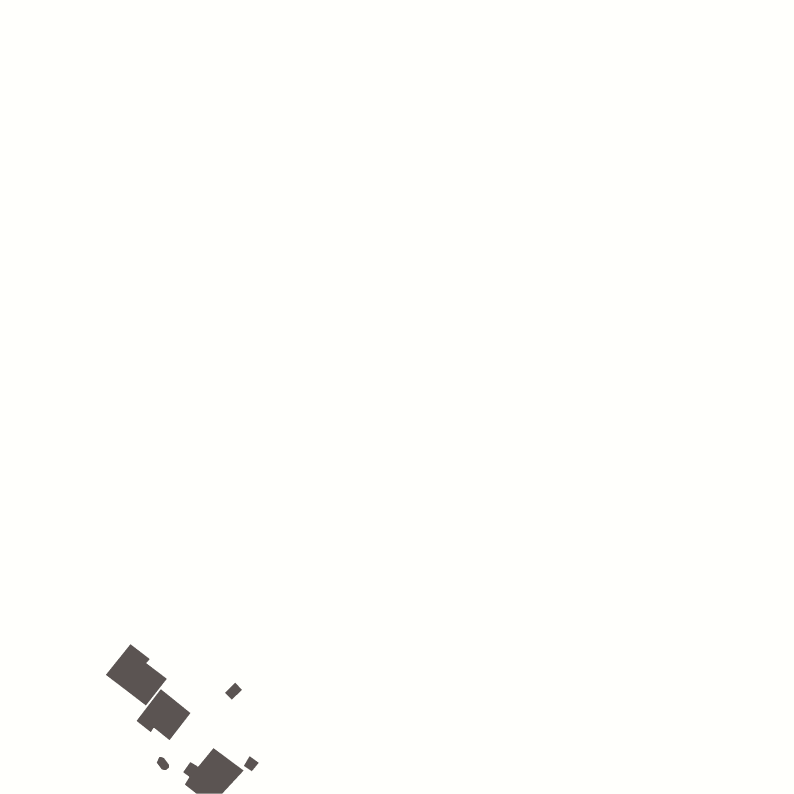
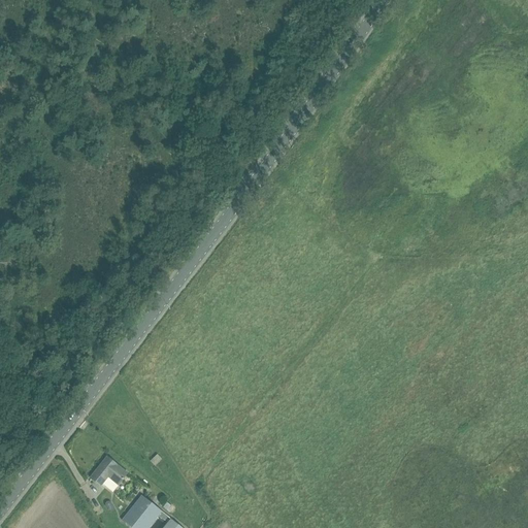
building: [105,643,168,707] -> none

